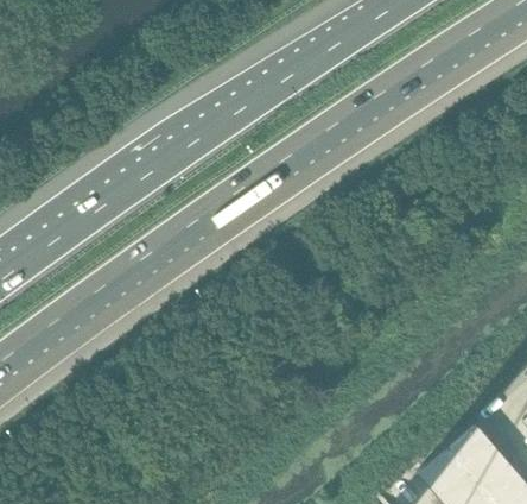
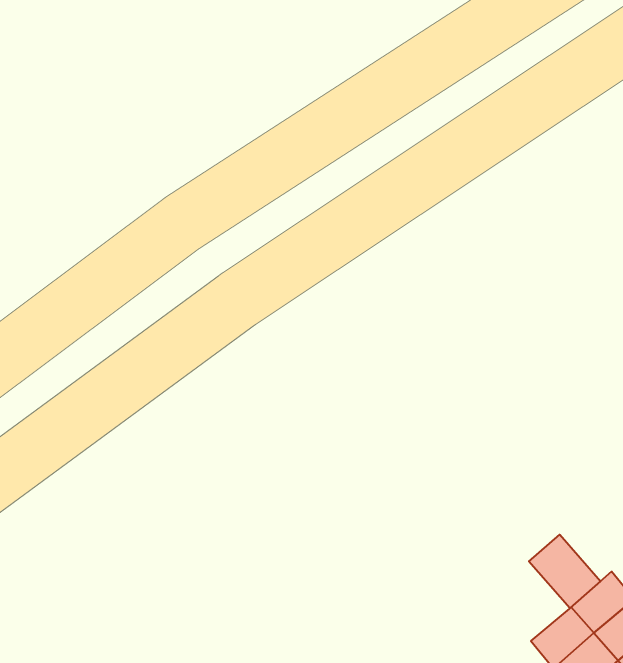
building: none -> [529,535,601,608]

